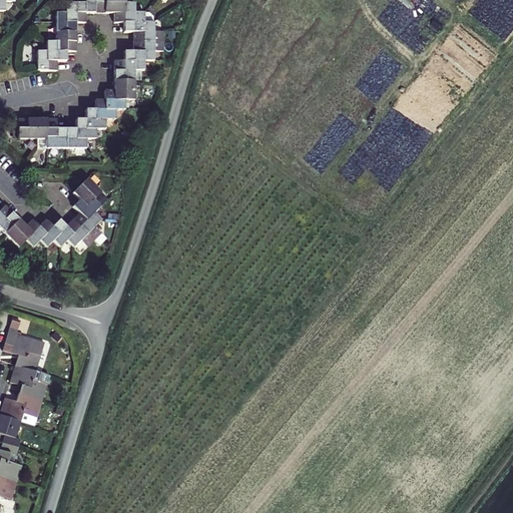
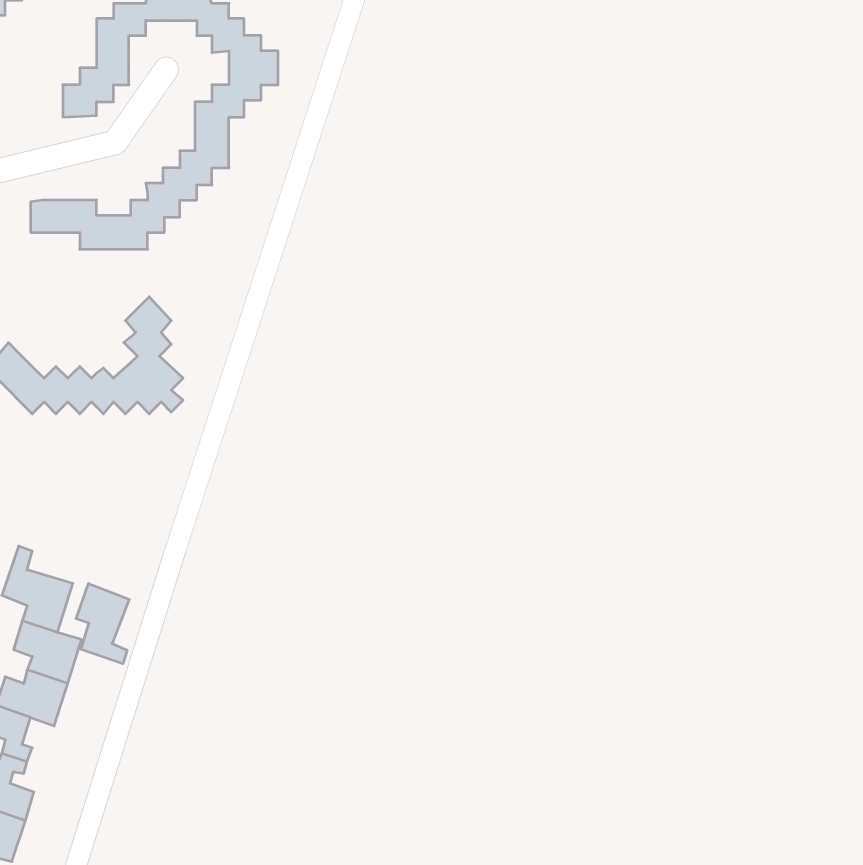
building: none -> [76,583,129,664]

